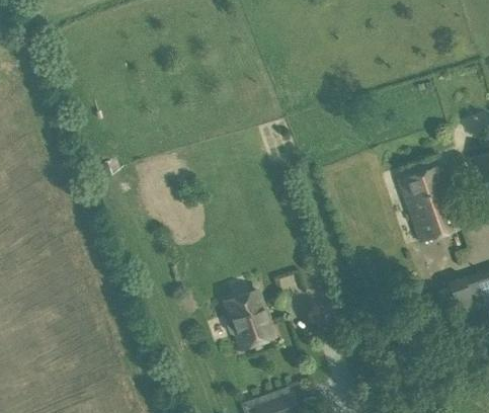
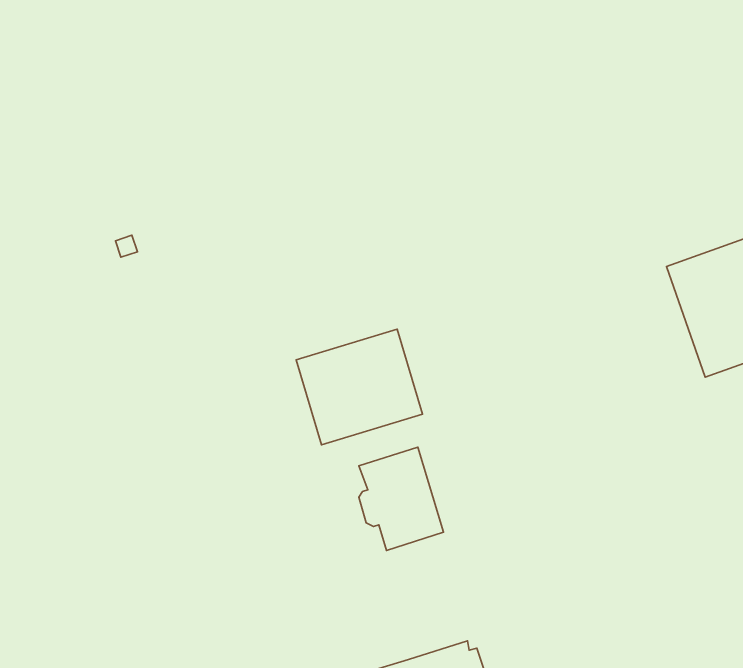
building: none -> [296,329,423,445]

